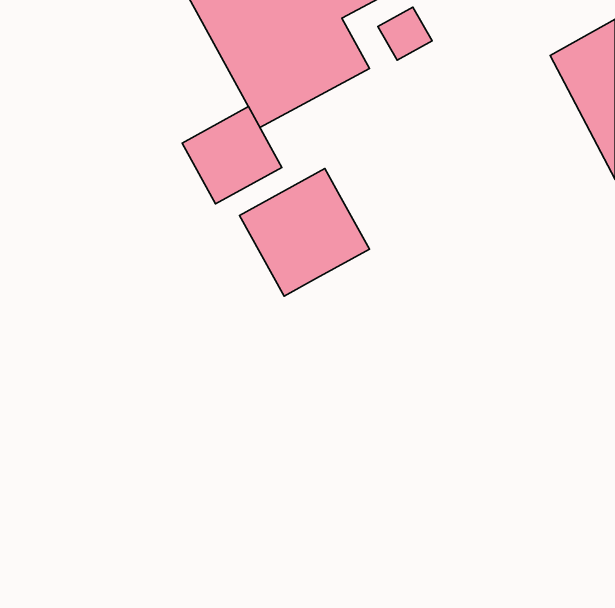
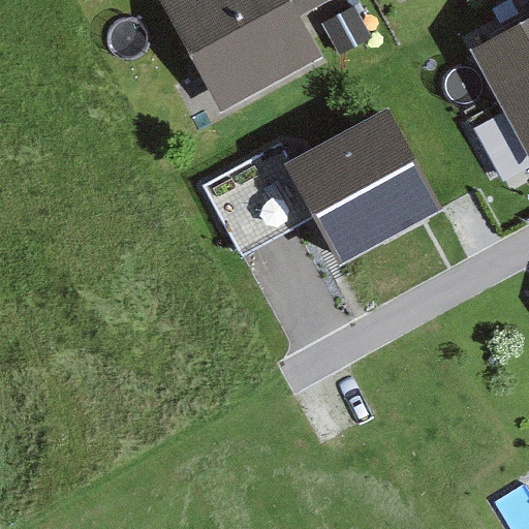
building: [182,107,282,204] -> none
building: none -> [291,118,432,261]

